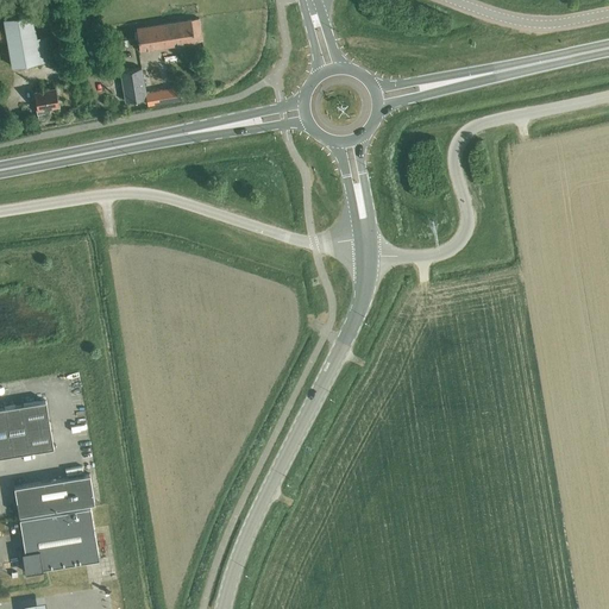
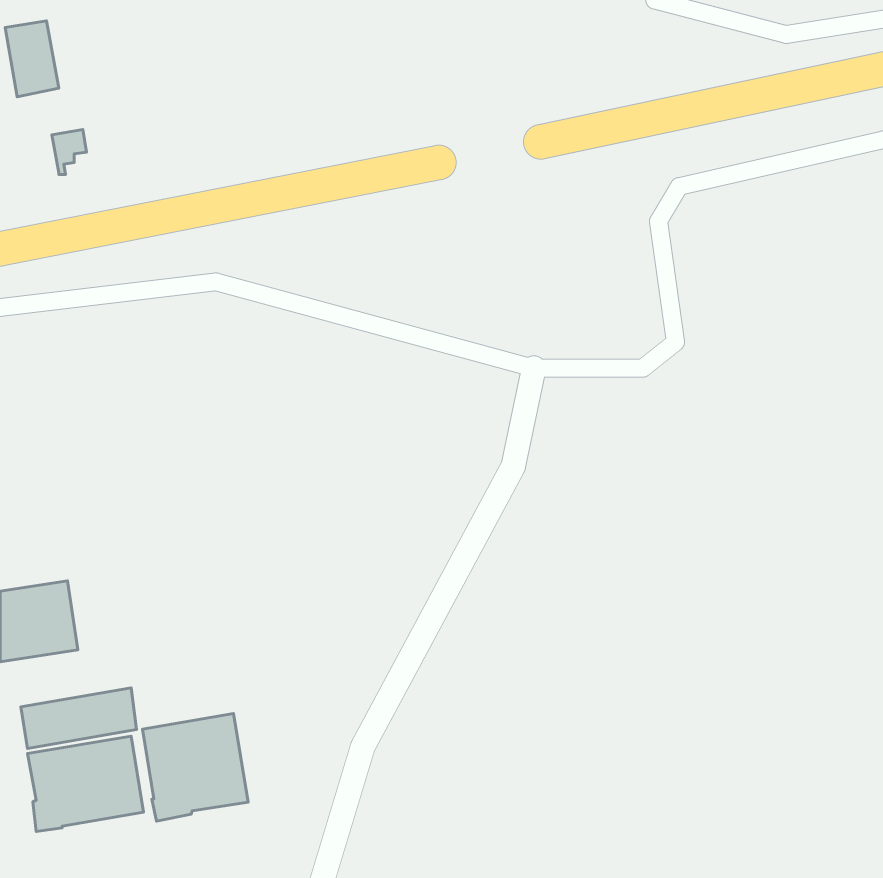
building: [136,20,202,52] -> none
building: [119,69,182,106] -> none
building: none -> [143,713,248,821]

